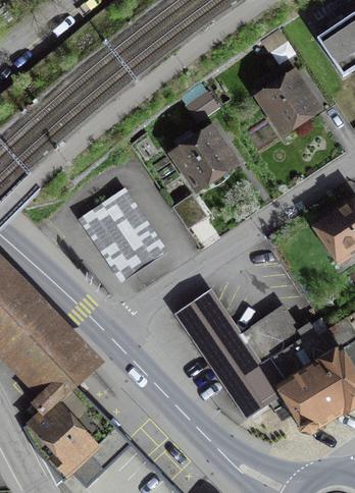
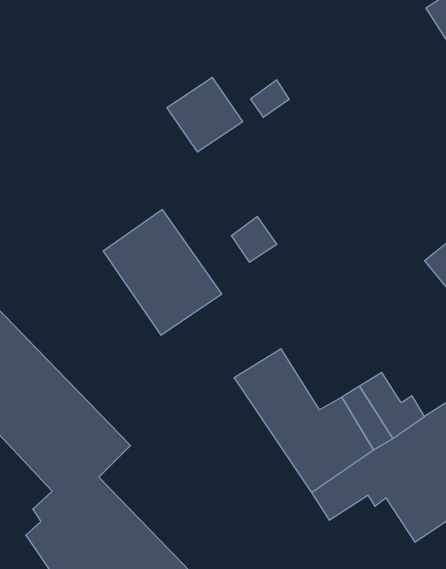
building: [254,69,317,133] -> none
building: [175,129,232,184] -> [167,77,243,152]

